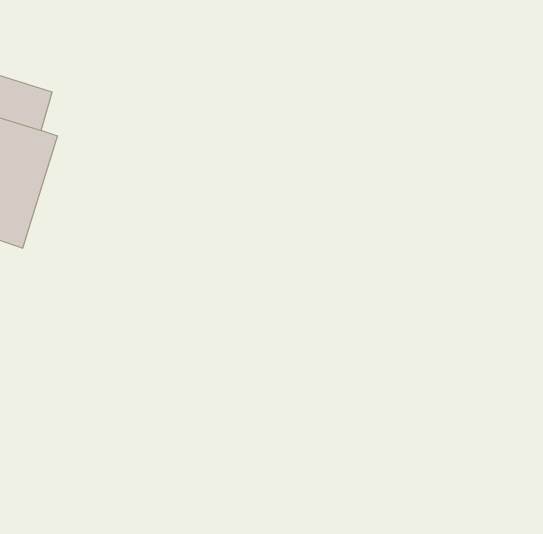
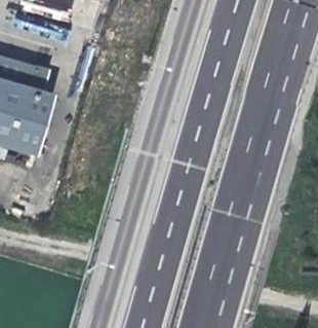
building: none -> [22,88,62,143]

